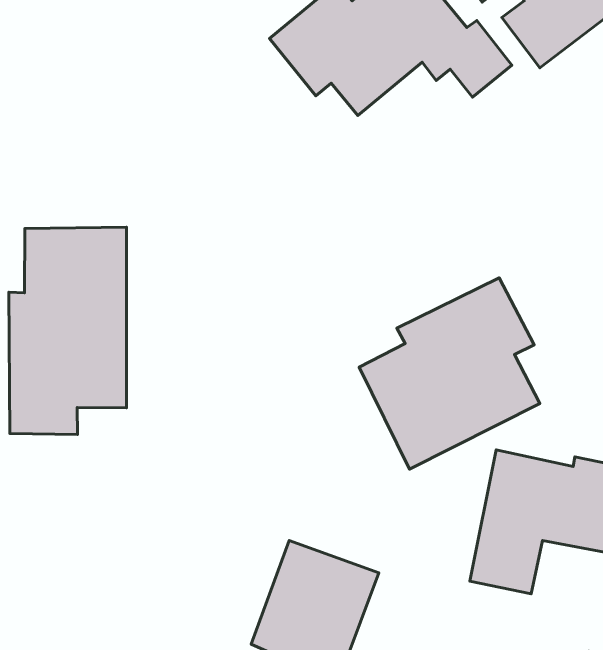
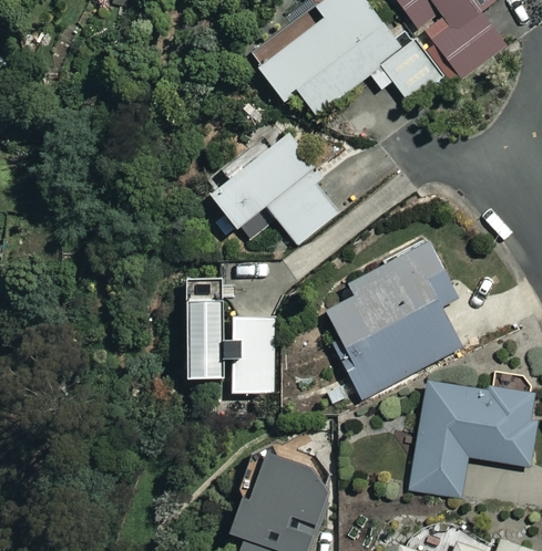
building: none -> [213,136,344,241]
building: [9,227,126,435] -> none
building: none -> [188,278,272,410]

